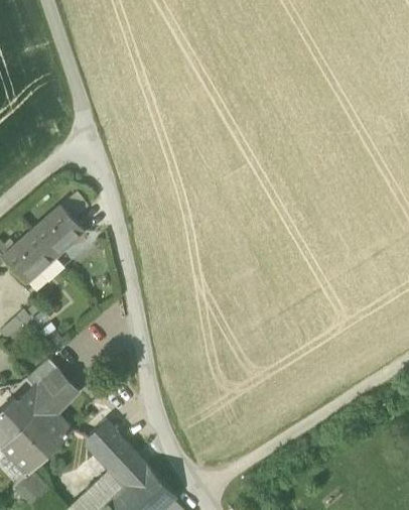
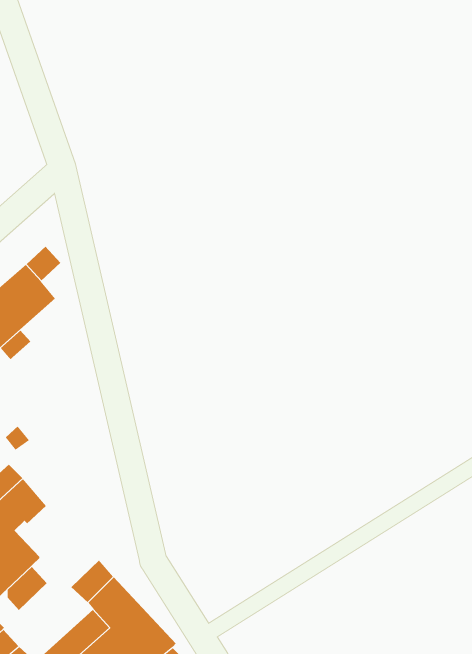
building: [86,420,117,455] -> [7,566,48,611]

